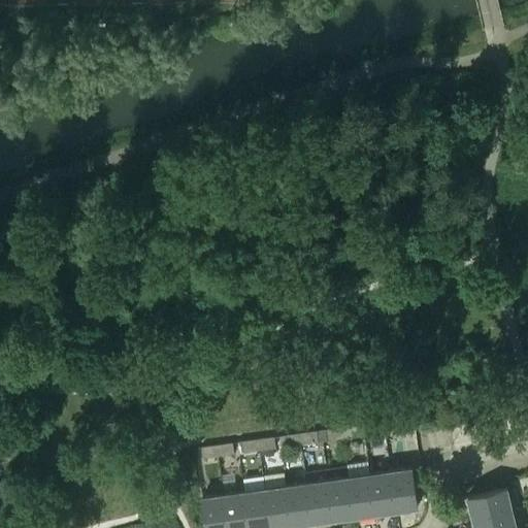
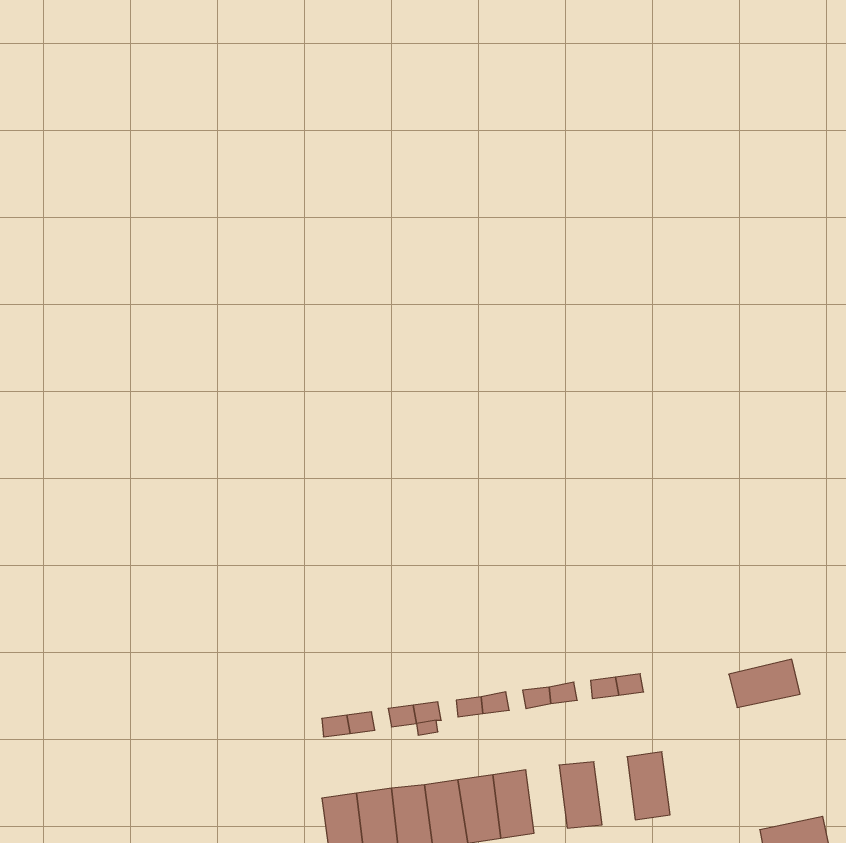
building: [369,473,395,516] -> none
building: [327,478,353,521] -> none
building: [467,489,512,519] -> [729,659,800,707]

